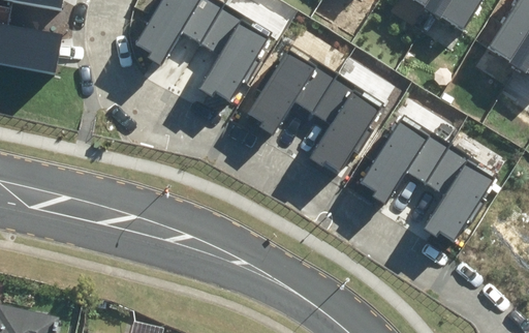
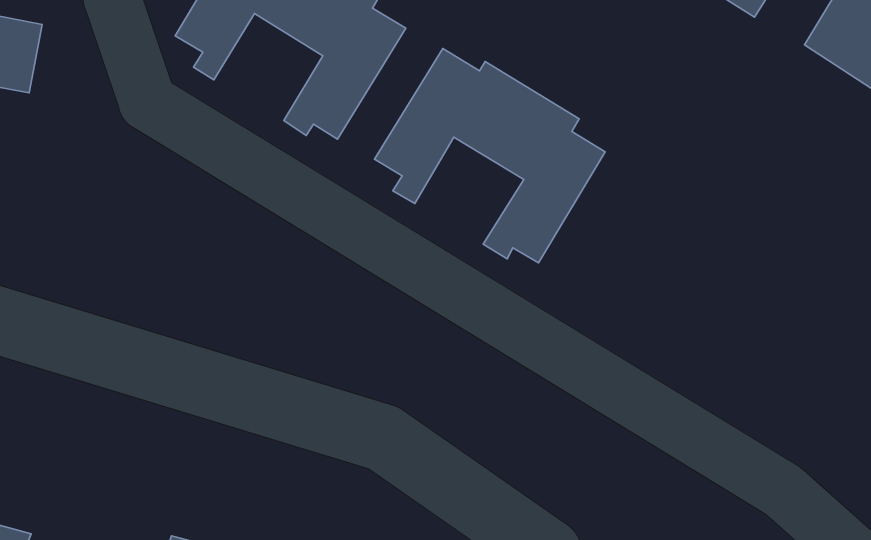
building: [361,120,491,241] -> none

